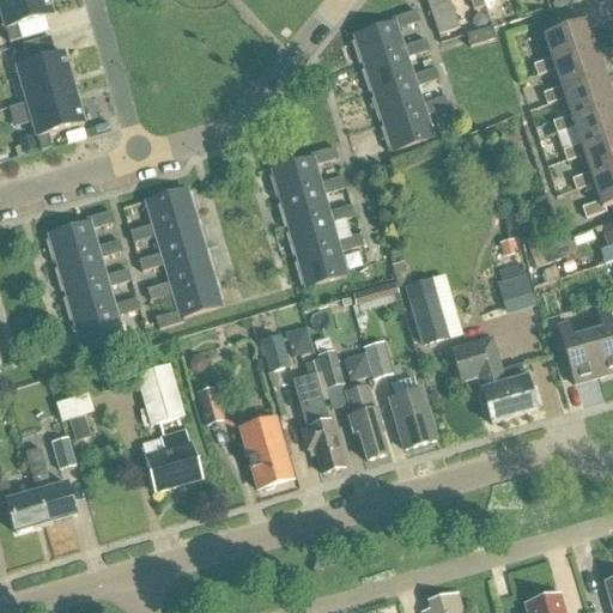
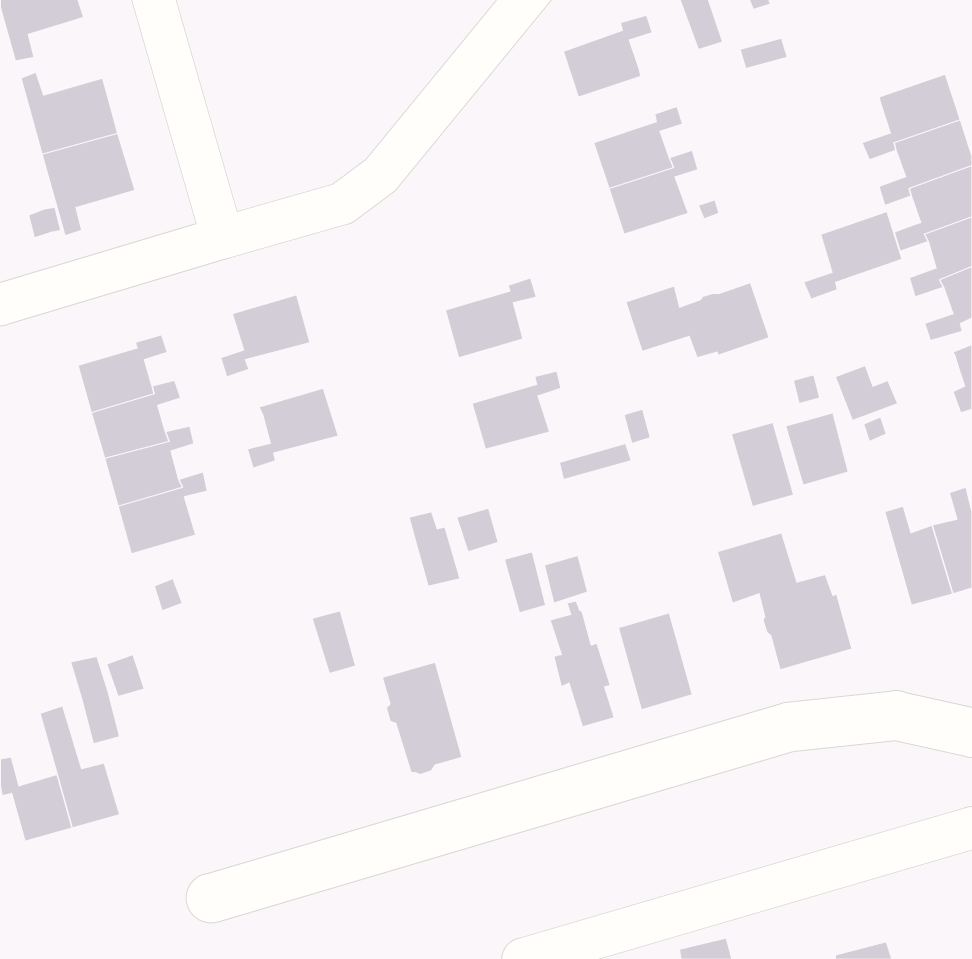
building: [533,17,595,72] -> [803,212,902,299]
building: [364,38,420,90] -> none
building: [272,146,329,195] -> none
building: none -> [626,282,769,358]
building: [289,204,346,254] -> none
building: [147,216,204,266] -> none
building: [164,274,221,323] -> none
building: [409,290,449,342] -> [731,423,794,506]
building: [363,339,393,378] -> none
building: [135,363,184,424] -> none
building: [293,370,342,471] -> none
building: [144,427,202,490] -> none

